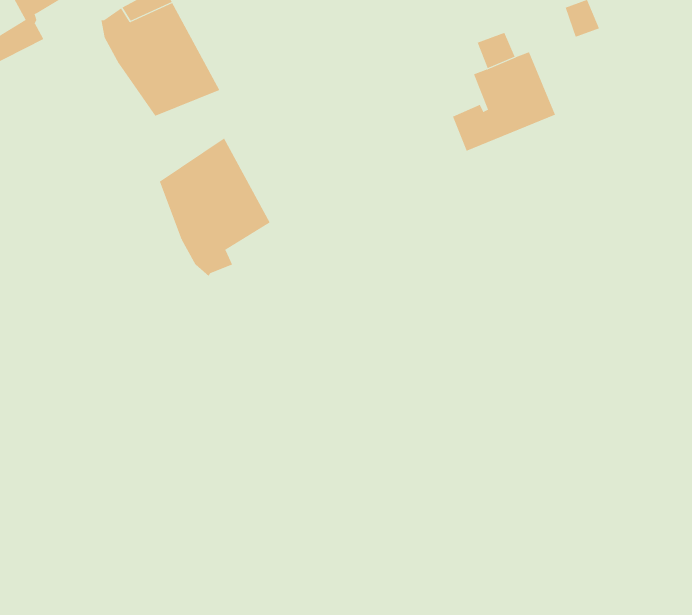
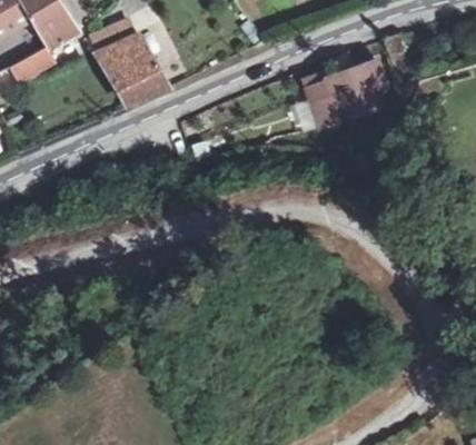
building: [159,137,270,277] -> none

